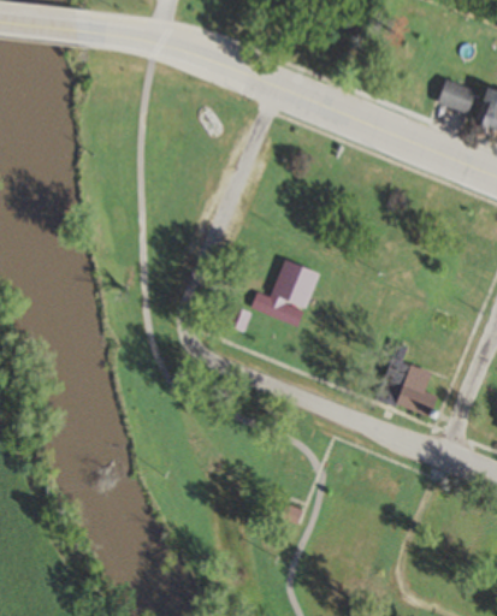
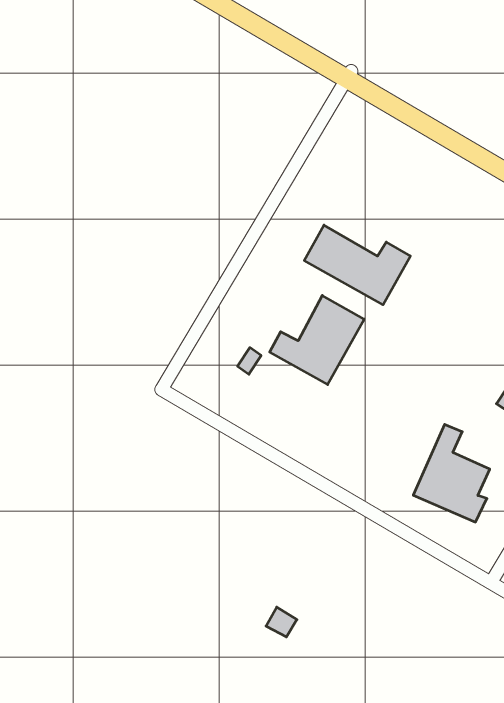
building: none -> [304,225,410,305]

